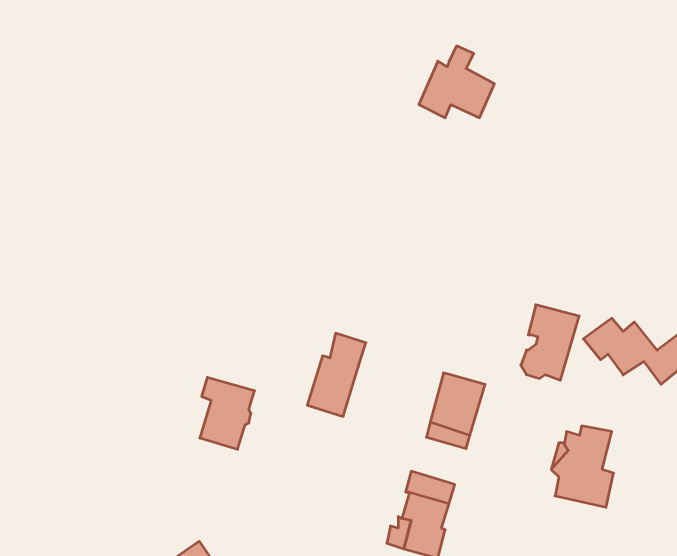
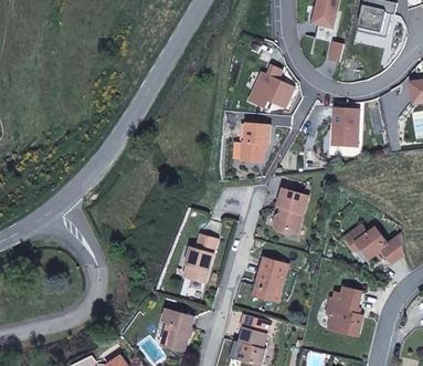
building: none -> [331,107,358,146]
building: none -> [241,123,269,161]
building: [521,305,579,380] -> [273,188,307,232]
building: [200,377,255,449] -> [161,309,193,351]

